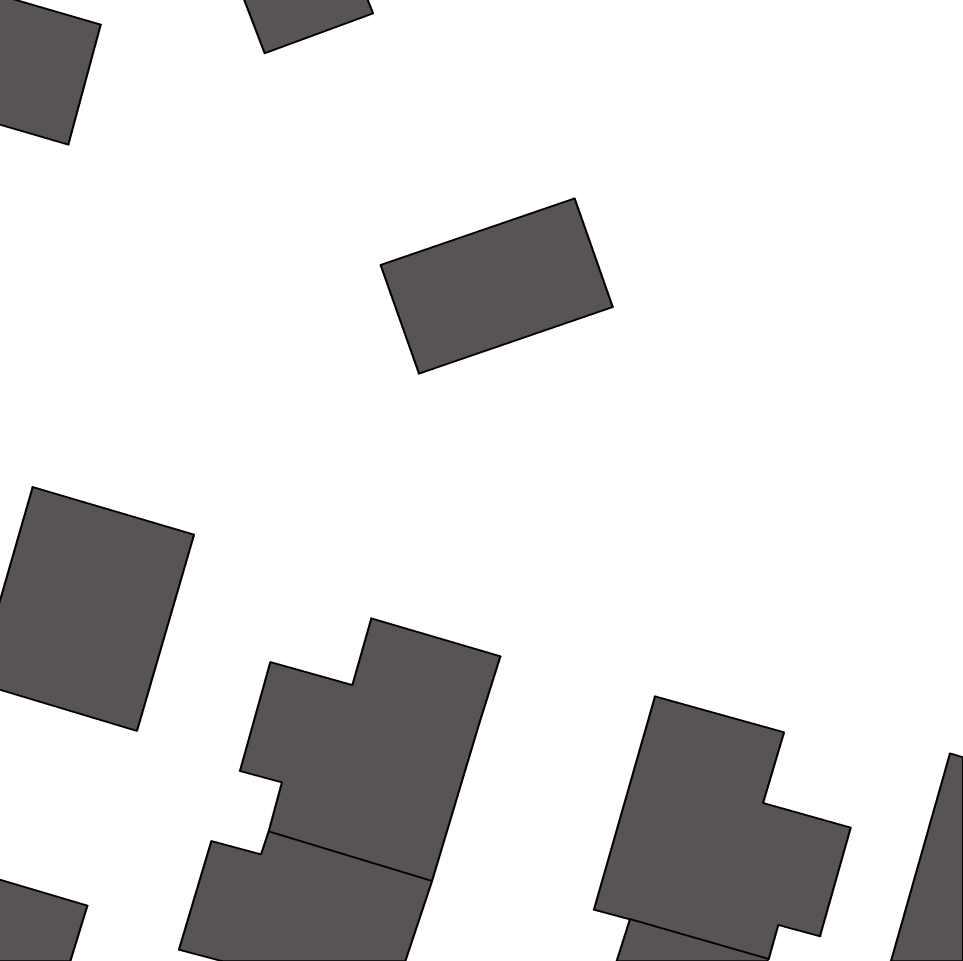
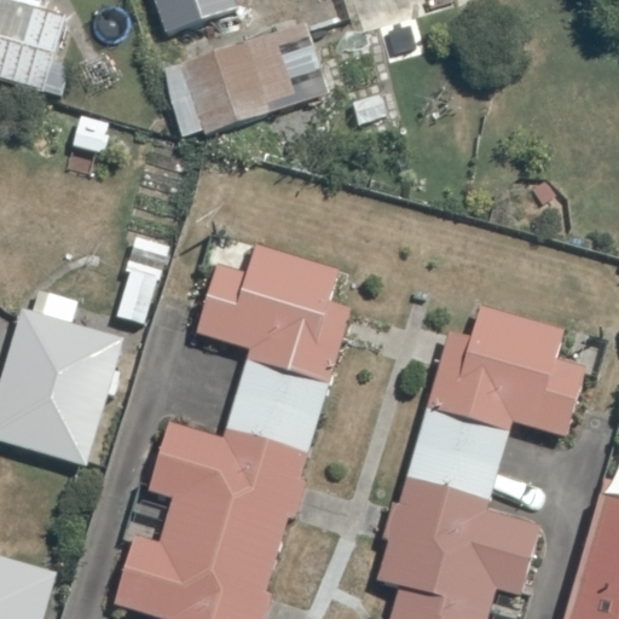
building: [381,198,613,374] -> [180,23,328,134]
building: none -> [197,247,351,417]
building: none -> [416,306,585,465]

